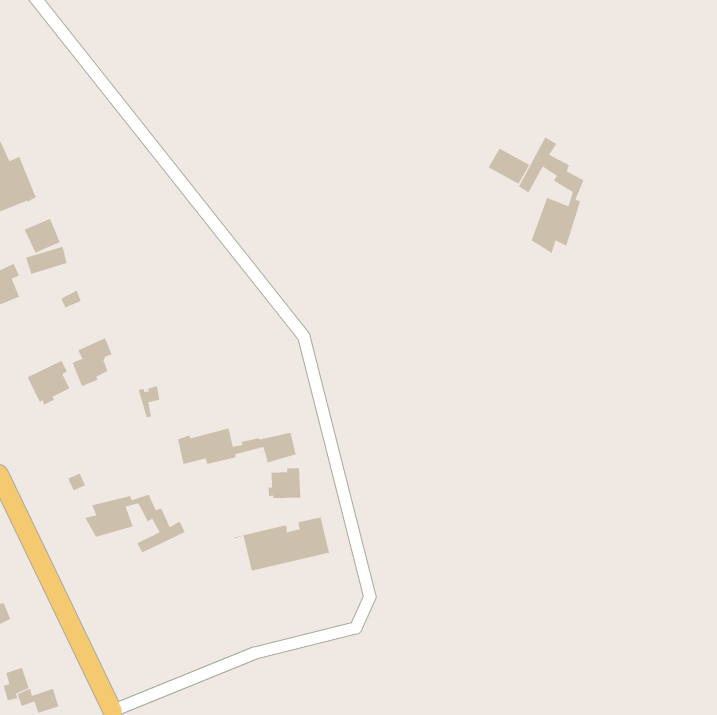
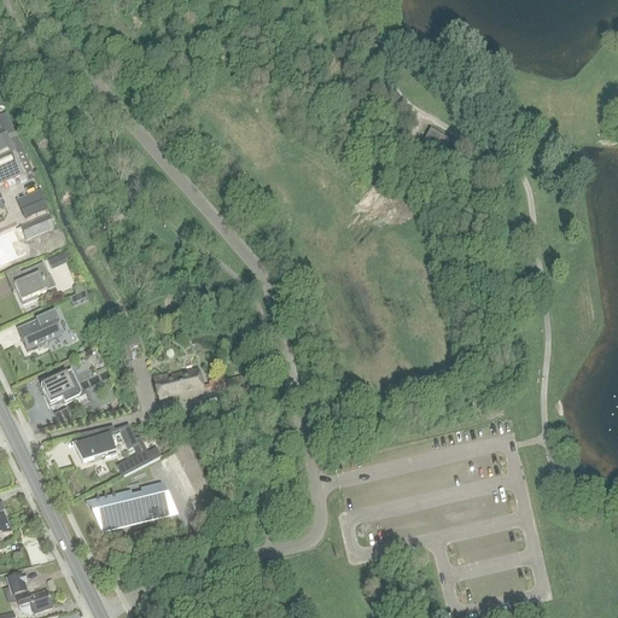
building: [518,137,584,254] -> none
building: [72,337,112,387] -> [13,261,48,303]
building: none -> [40,369,80,403]
building: [268,467,301,499] -> none
building: [233,516,330,571] -> [83,482,167,529]

